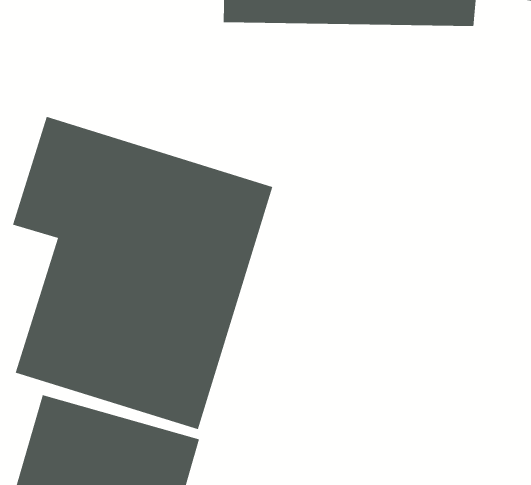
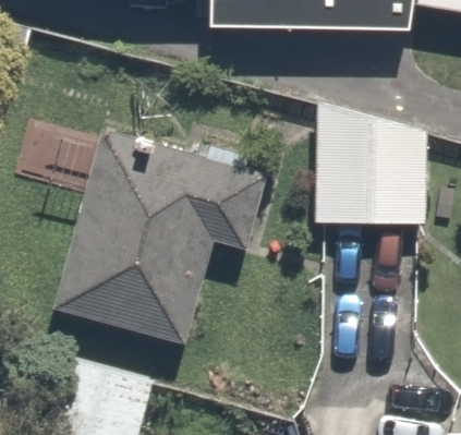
building: none -> [316,100,429,225]

